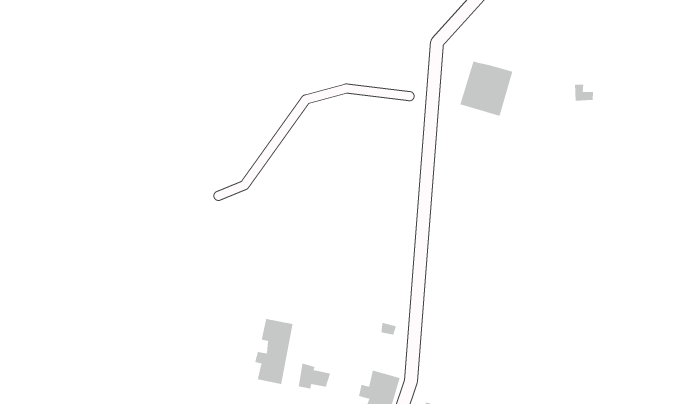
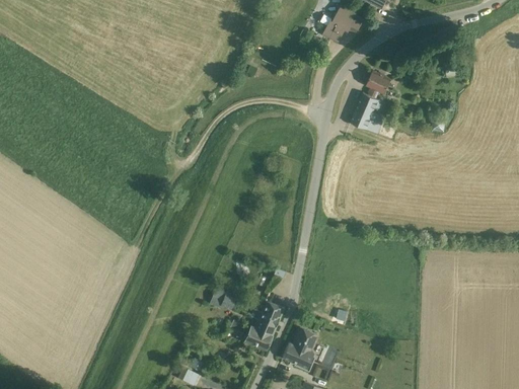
building: none -> [366,71,391,98]
building: [255,318,293,385] -> none

